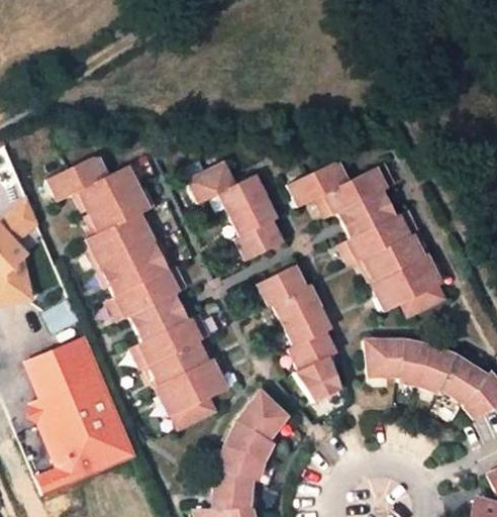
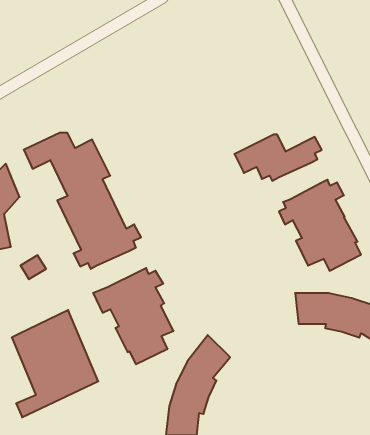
building: [197,157,286,258] -> none
building: [345,192,395,235] -> none
building: [261,263,341,403] -> none
building: [130,296,181,338] -> none
building: [22,328,97,394] -> none

